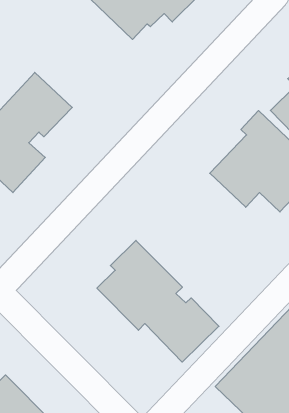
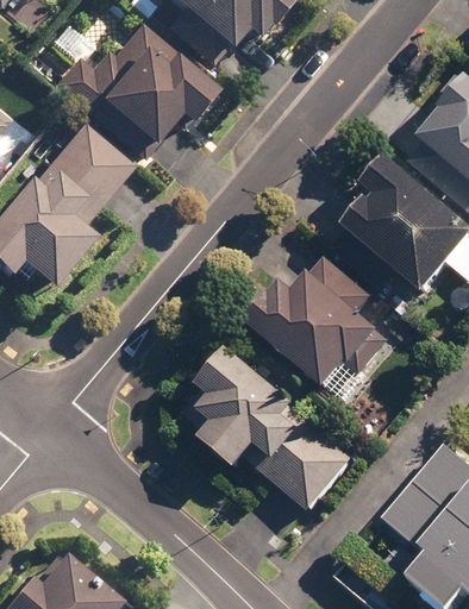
building: none -> [56,24,223,163]
building: none -> [256,256,383,389]

